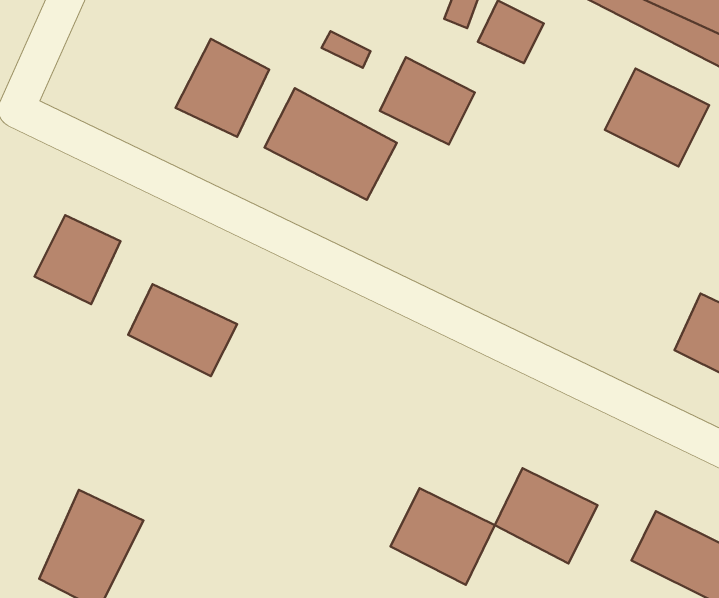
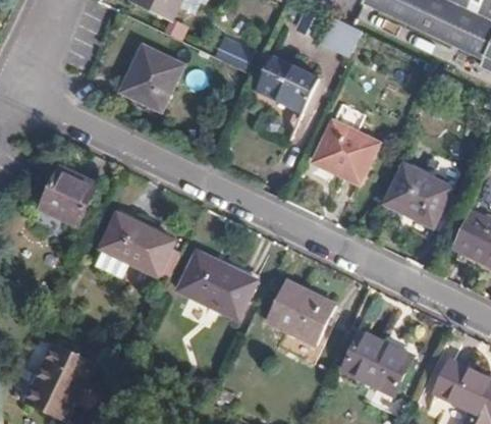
building: [605,68,709,167] -> [384,164,453,229]
building: [264,88,397,200] -> none
building: none -> [314,122,378,184]
building: none -> [167,245,243,312]
building: [390,488,495,585] -> [257,277,326,341]

